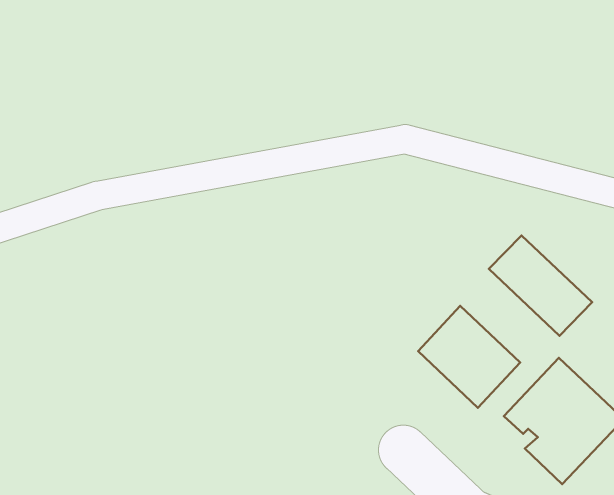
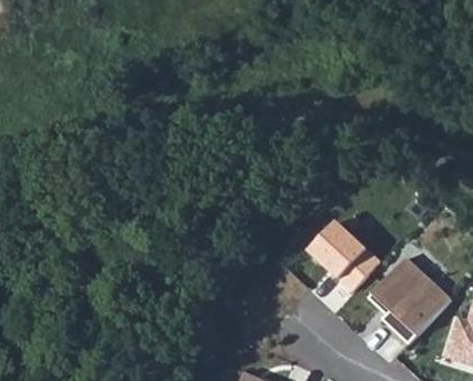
building: [489,235,592,336] -> none

